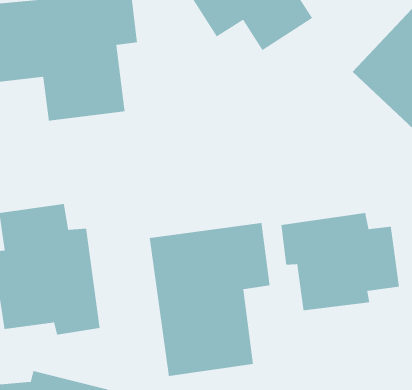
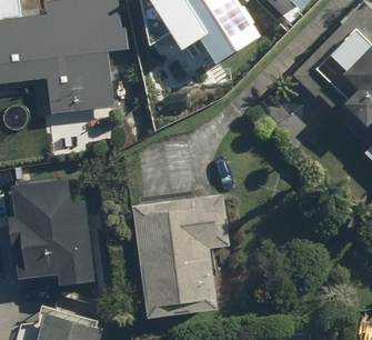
building: [280,212,400,311] -> none

